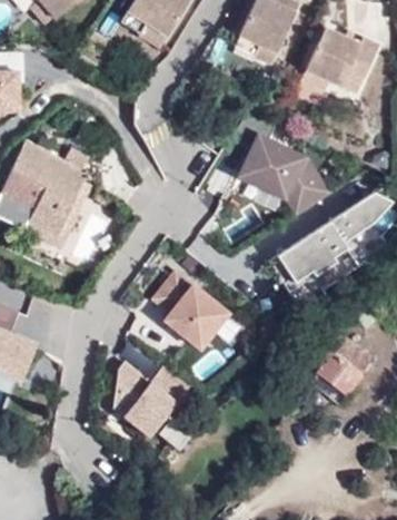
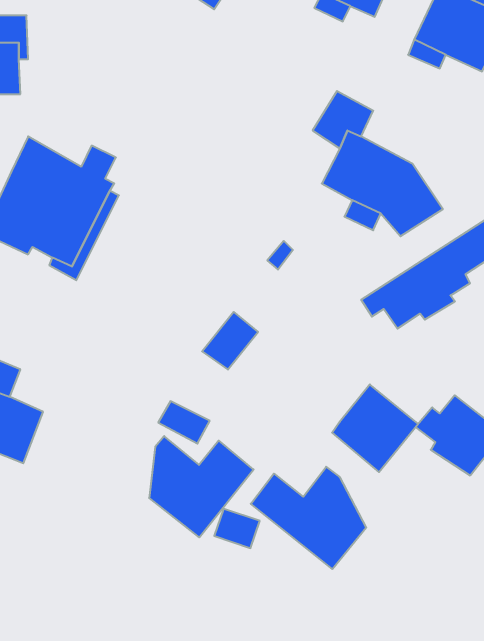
building: [165,285,228,350] -> [332,384,418,472]
building: none -> [251,467,366,569]

